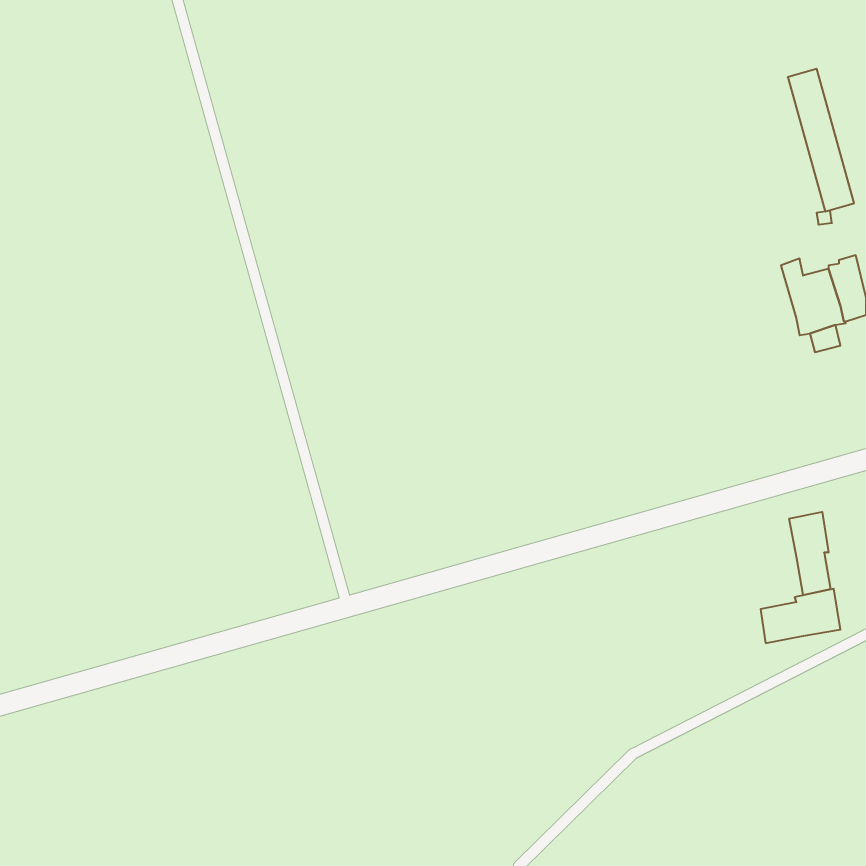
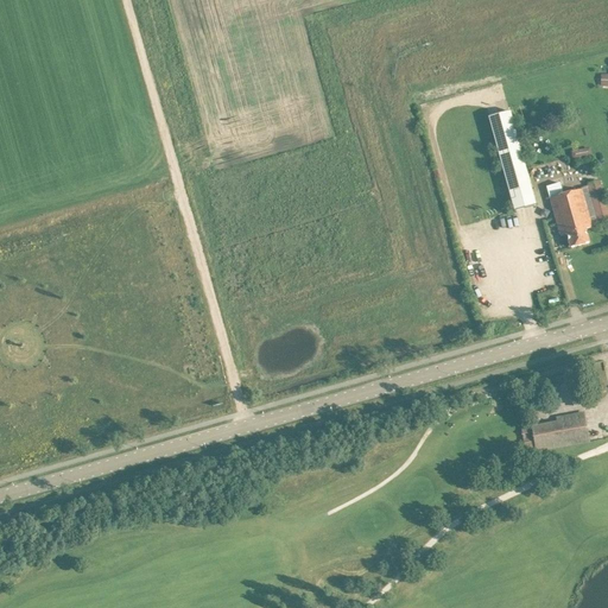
building: [788,69,854,212] -> [487,109,533,209]
building: [789,512,830,595] -> none

